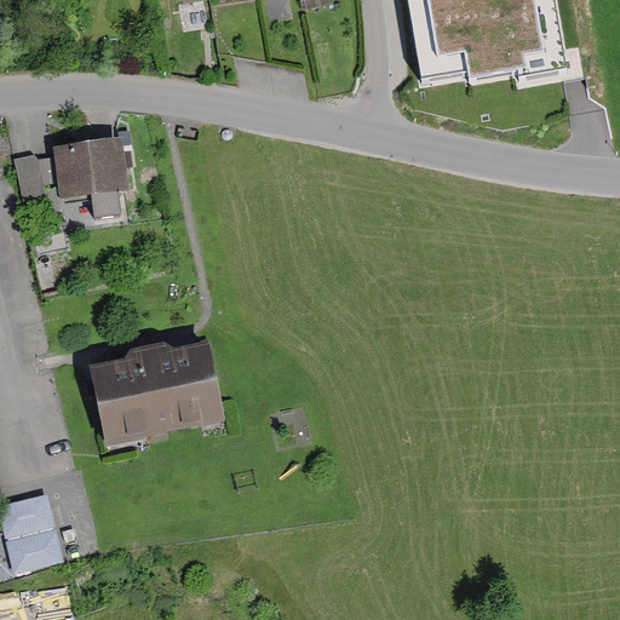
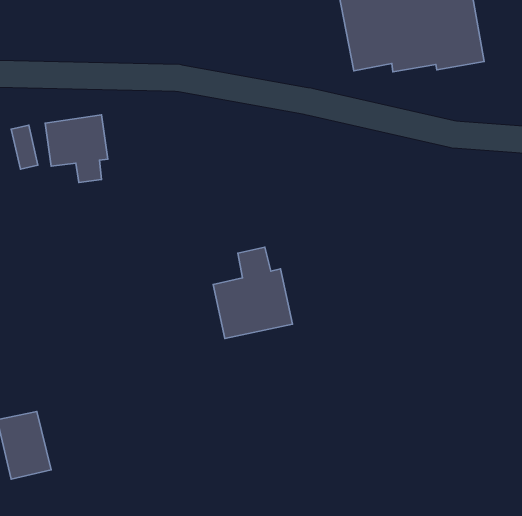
building: none -> [213,247,293,338]
building: [88,340,224,444] -> none

